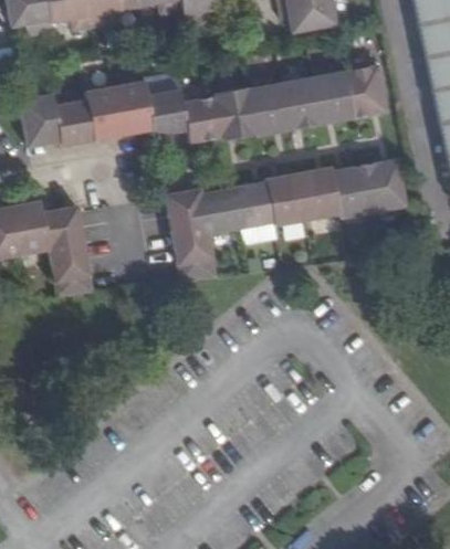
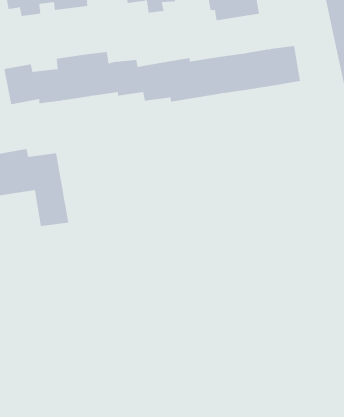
building: [169,161,405,282] -> none

